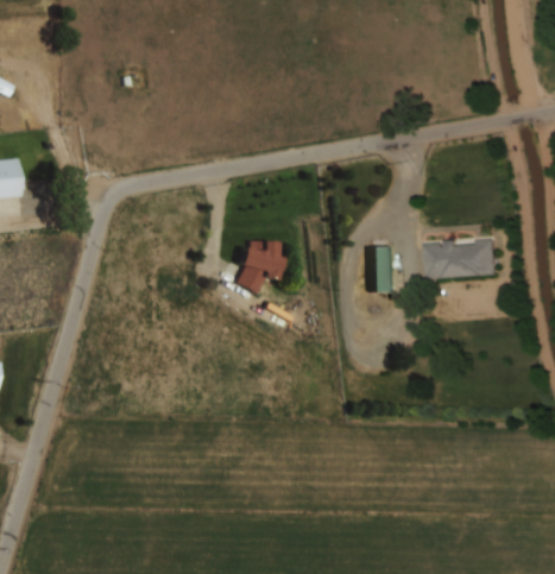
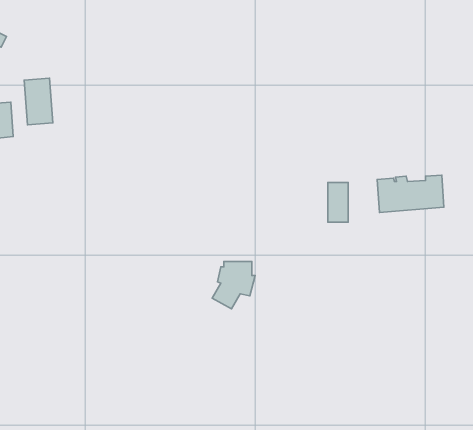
building: none -> [24,78,53,125]
building: [236,241,284,294] -> [212,262,255,309]

